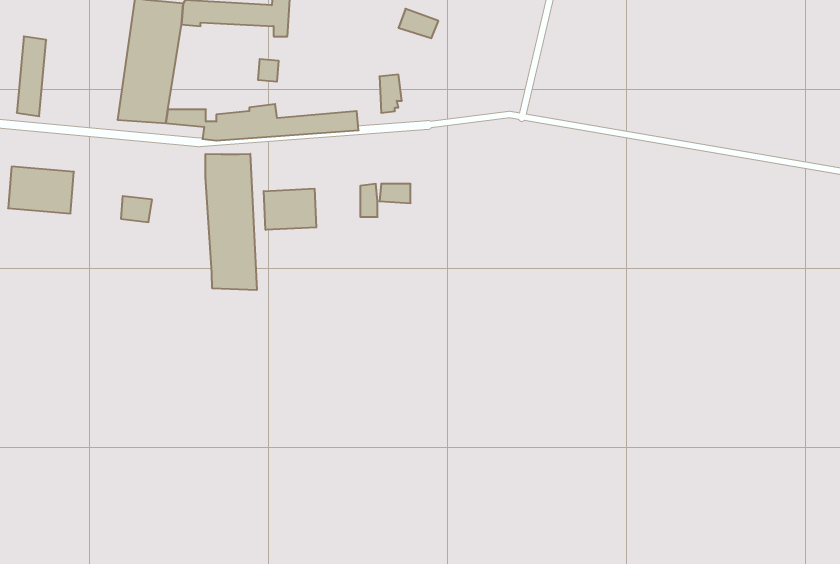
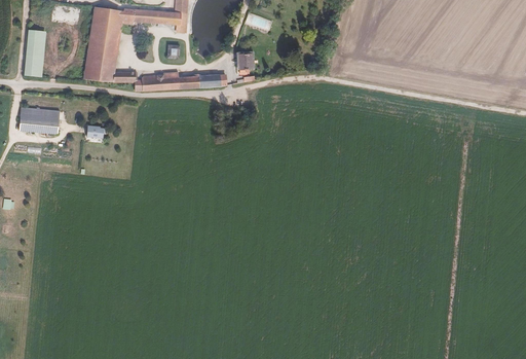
building: [206,154,257,290] -> none
building: [264,189,316,230] -> none

